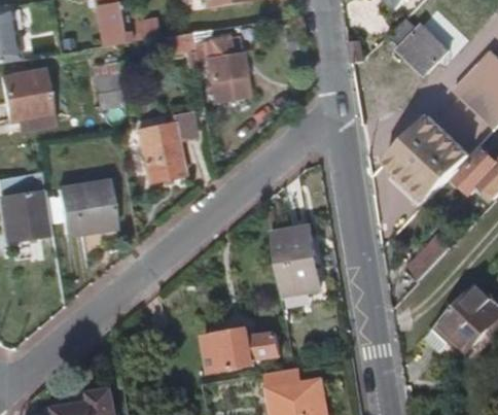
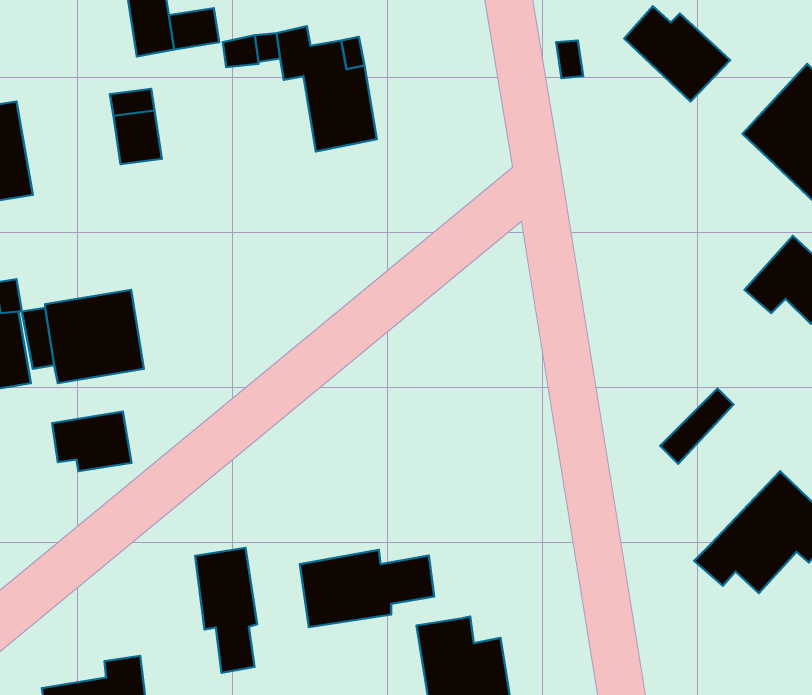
building: [139,108,194,177] -> none
building: [387,115,471,201] -> none
building: [272,227,322,295] -> none
building: none -> [52,411,132,471]
building: none -> [195,548,257,673]

